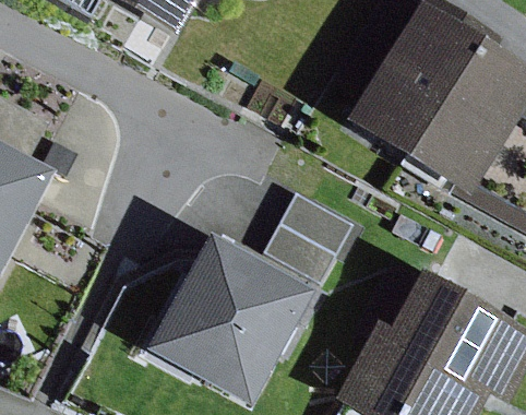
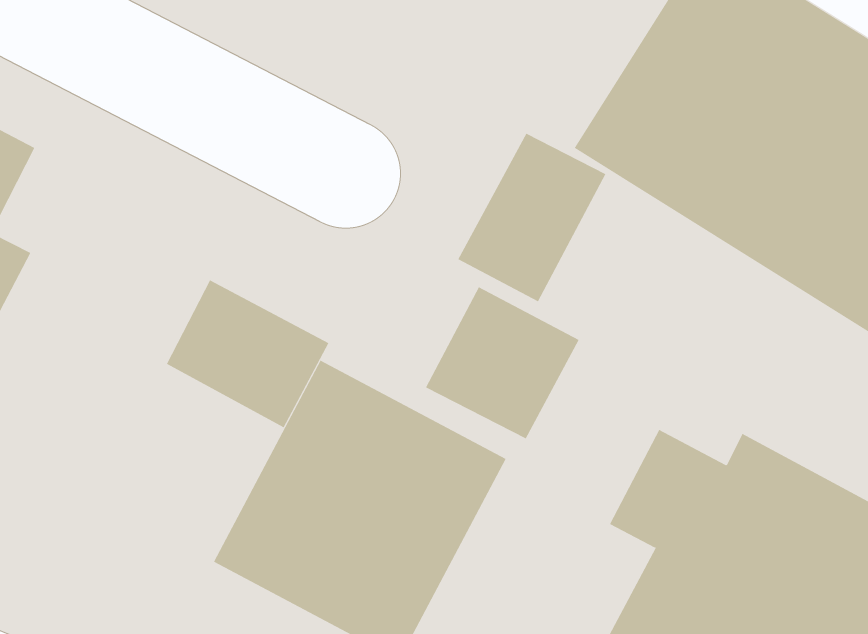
building: none -> [458,133,606,302]
building: none -> [166,280,329,428]

